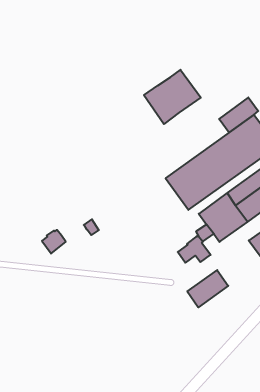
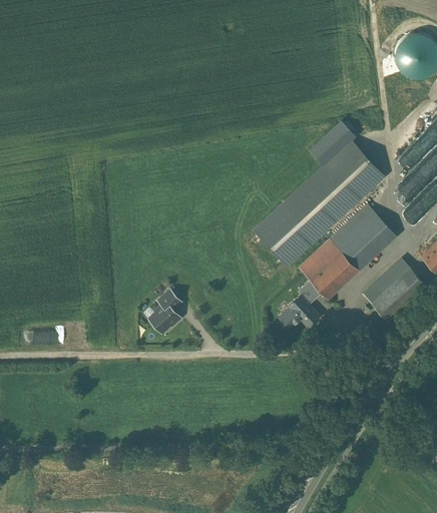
building: [144,70,201,124] -> none
building: [42,230,66,254] -> [149,304,178,333]
building: [187,270,228,307] -> none

